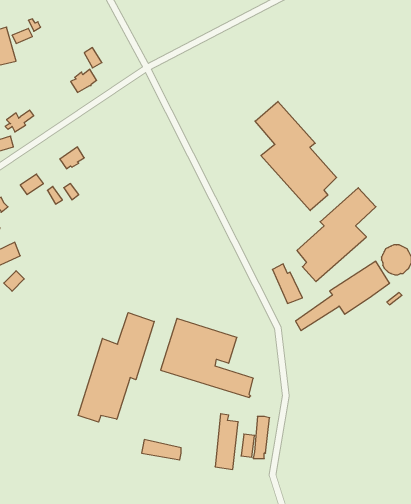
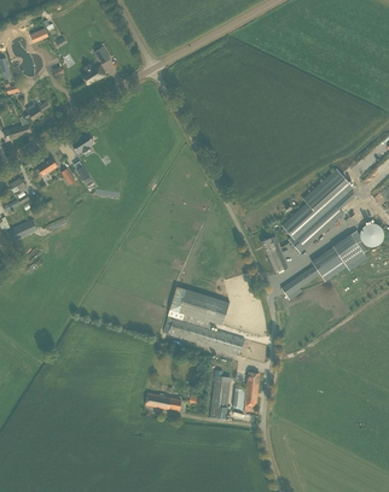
building: [255,101,337,211] -> none
building: [78,313,154,422] -> none

